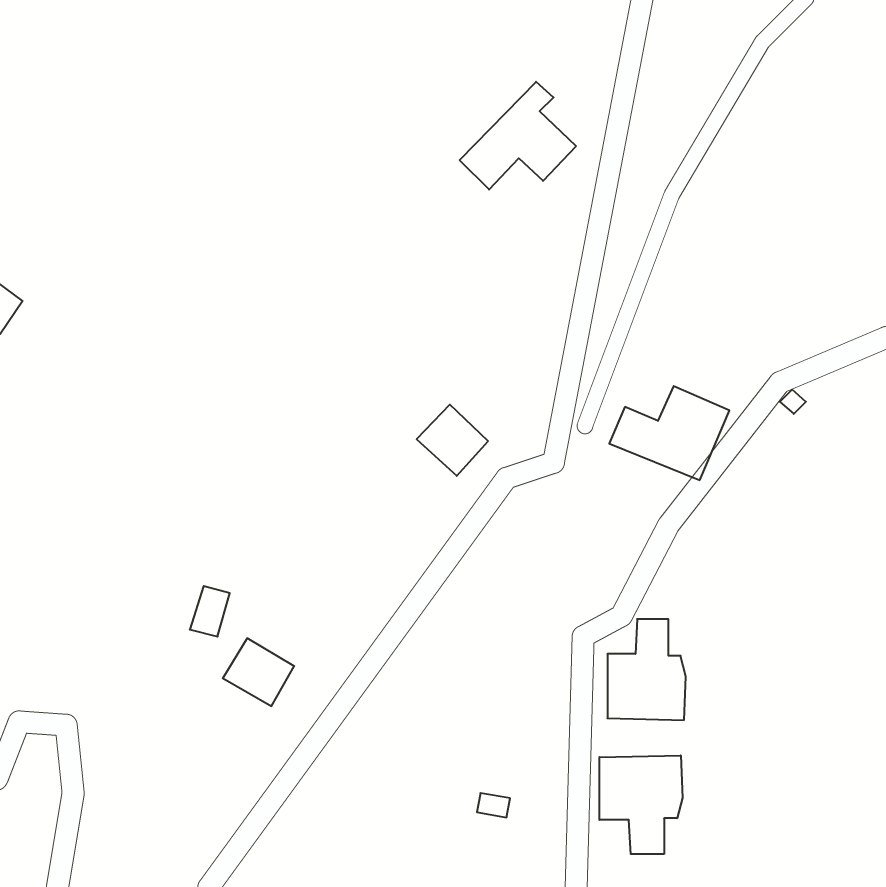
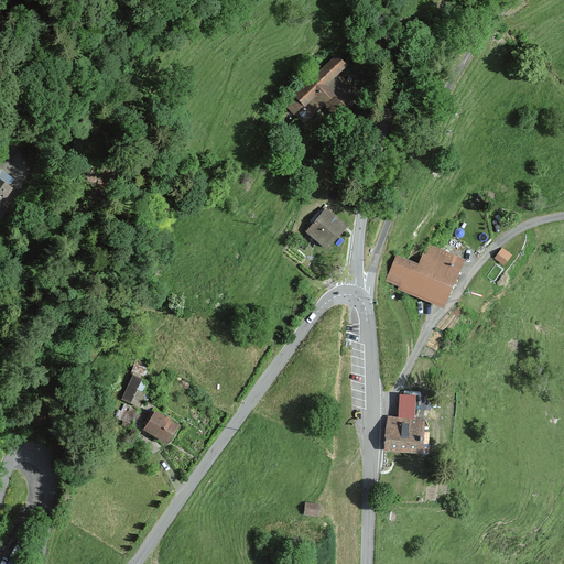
building: [417,405,488,476] -> [300,206,345,251]
building: [599,755,683,854] -> none

